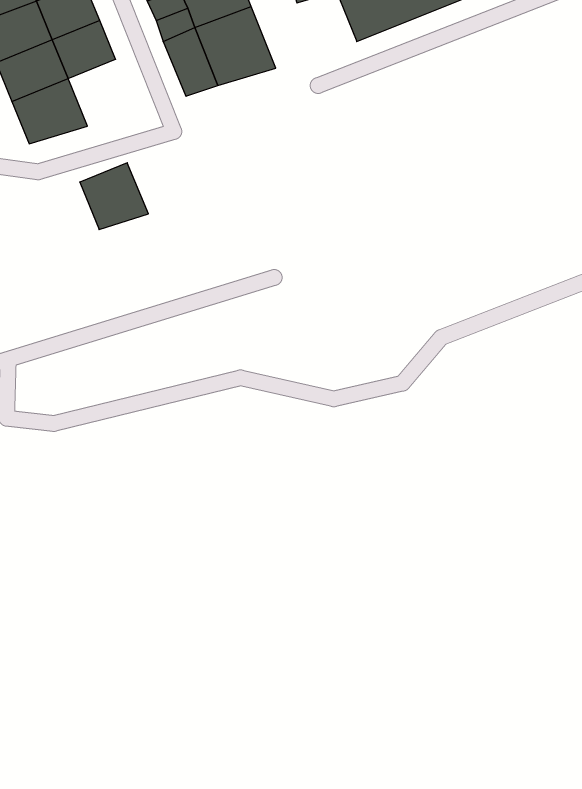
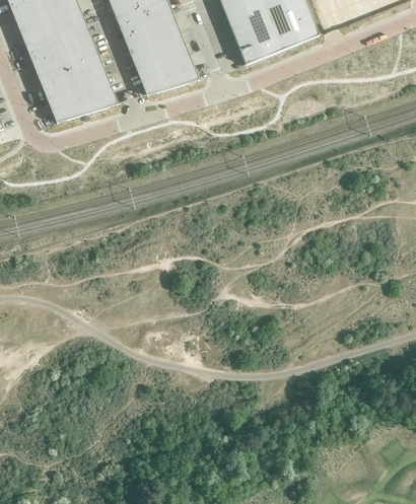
building: [80,163,148,230] -> [79,73,119,112]

